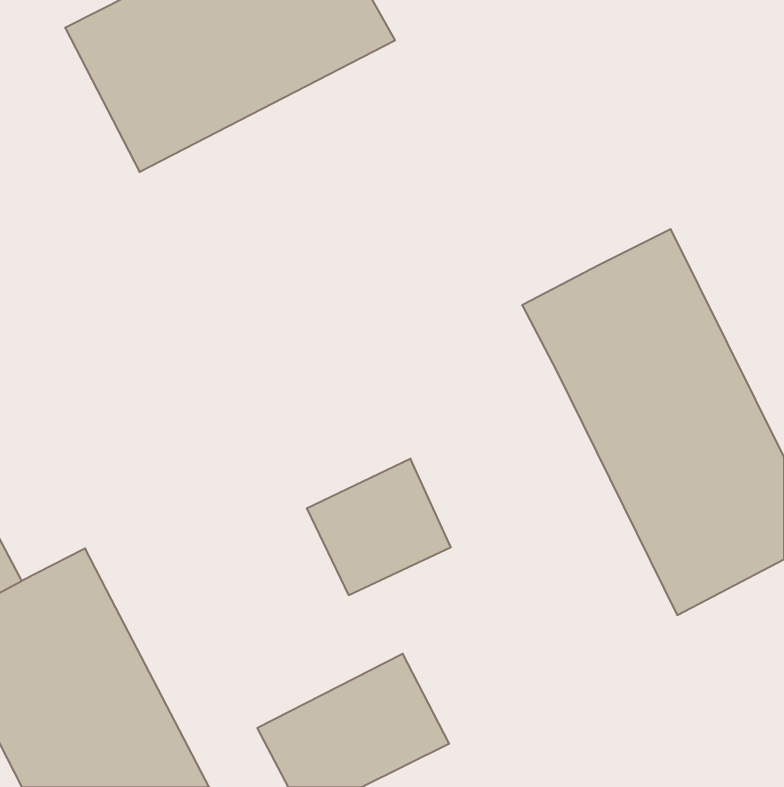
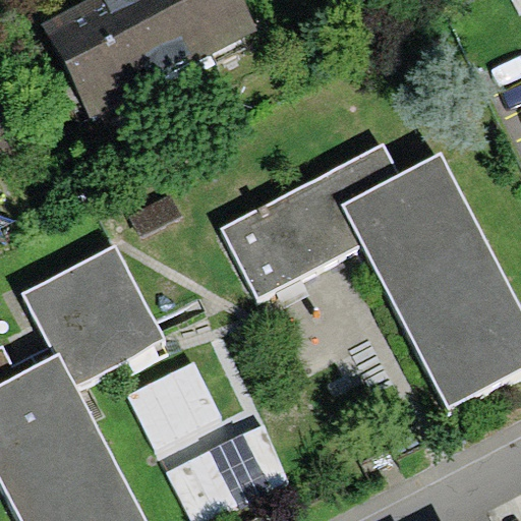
building: none -> [218,144,394,299]
building: none -> [22,249,166,394]
building: [307,459,451,595] -> [130,370,225,460]

